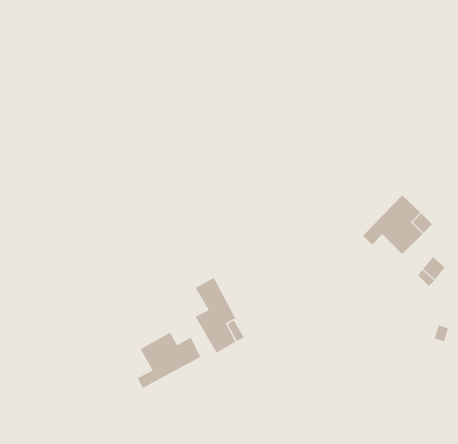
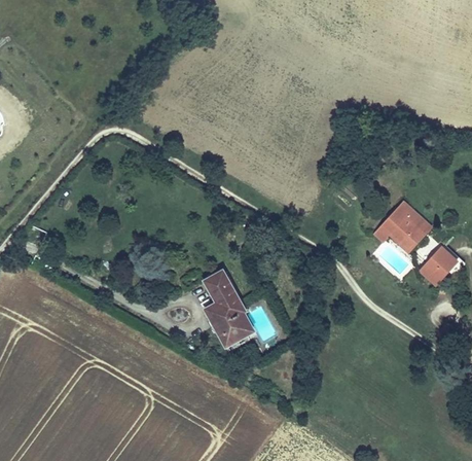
building: [137,332,201,389] -> none

